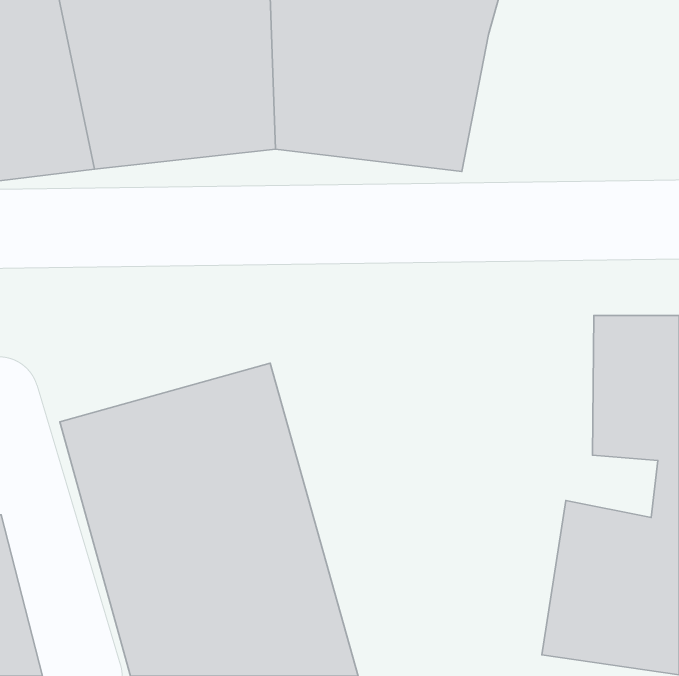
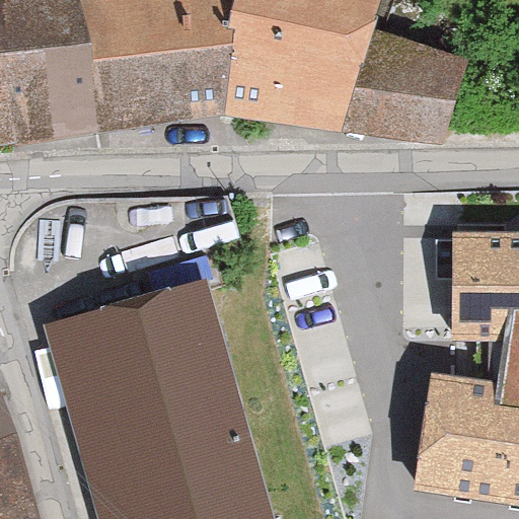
building: none -> [352,26,459,139]

